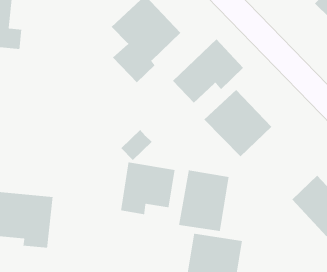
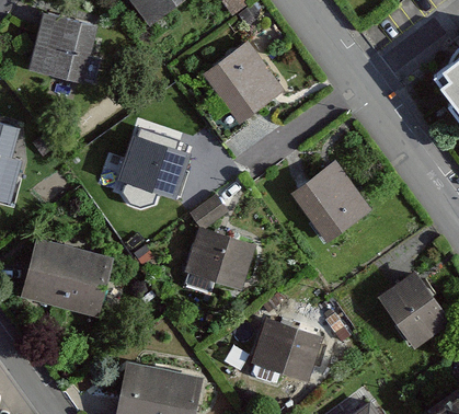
building: [172,38,244,104] -> none
building: none -> [112,136,187,202]
building: [178,170,230,232] -> none

